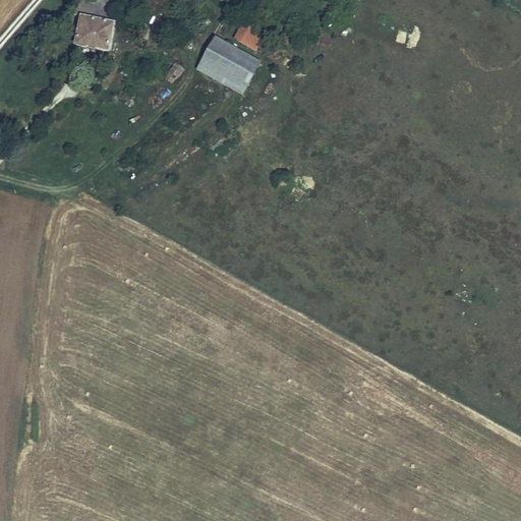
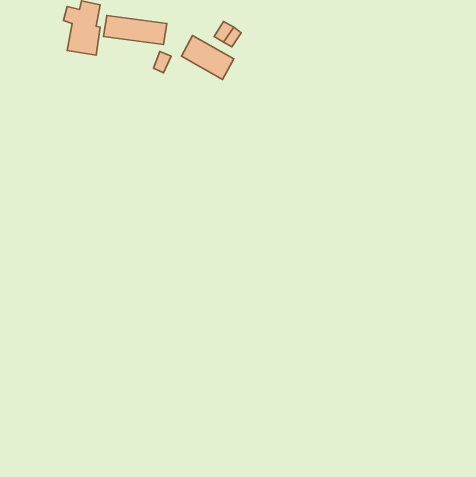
building: none -> [104,16,167,45]

